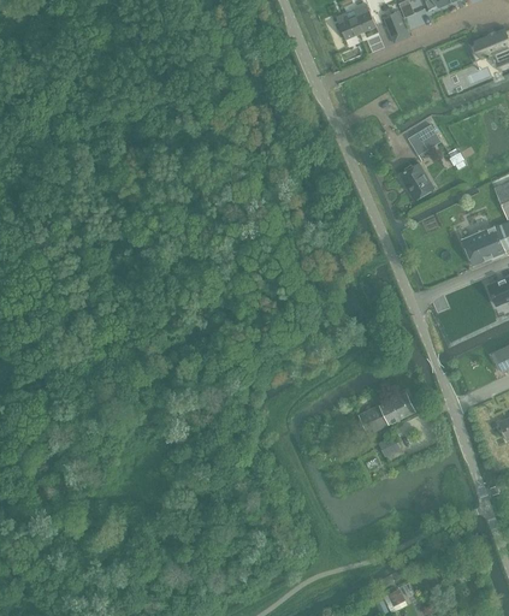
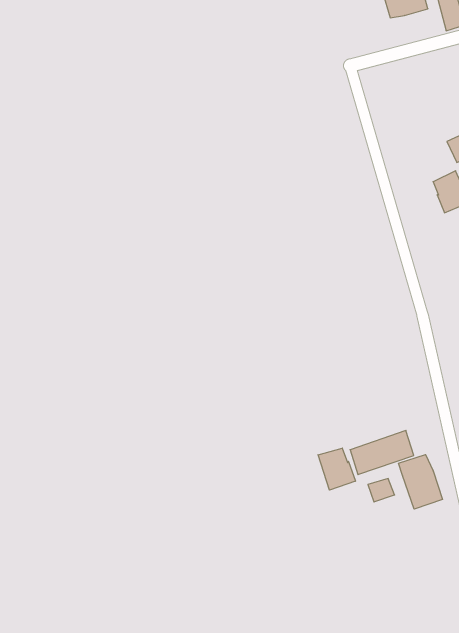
building: none -> [398,455,442,509]
building: none -> [318,448,355,490]

